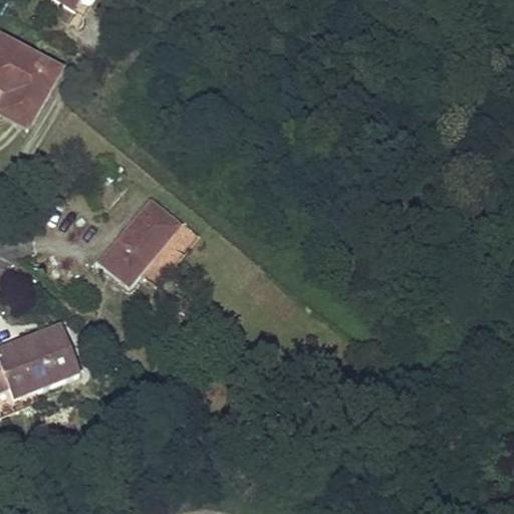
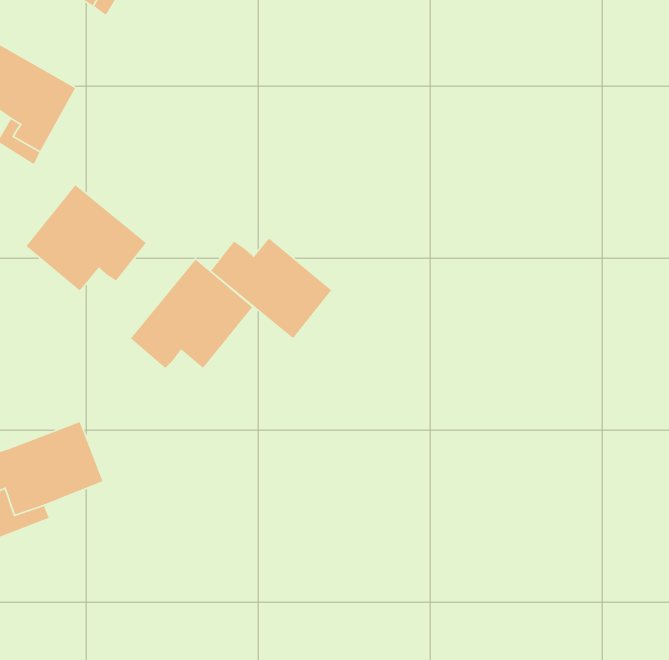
building: none -> [25,184,147,292]
building: none -> [210,238,332,339]

